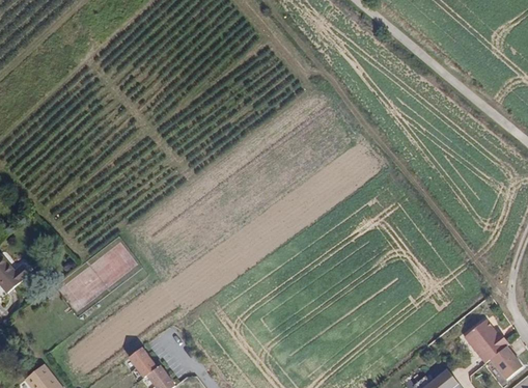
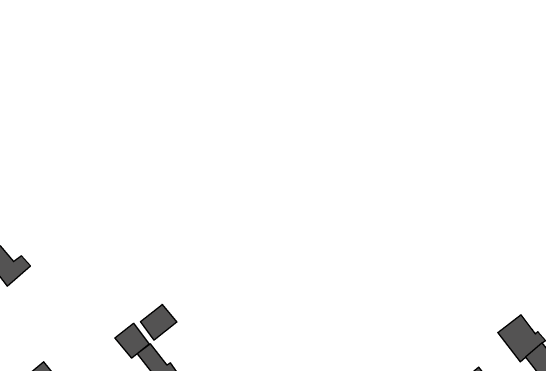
building: none -> [141,304,177,340]
building: none -> [115,323,149,358]

